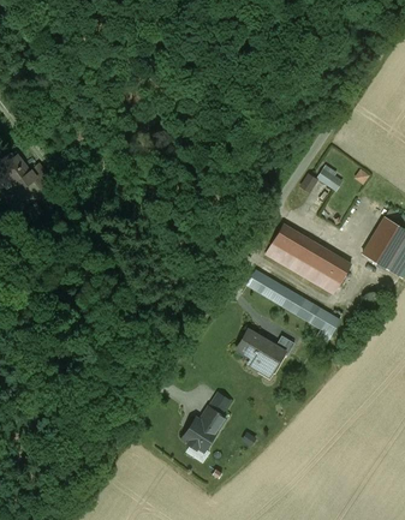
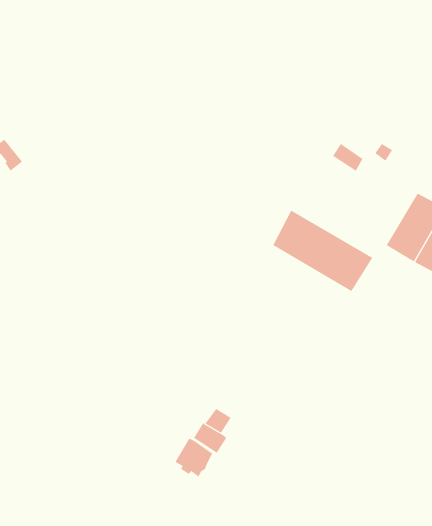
building: [246,270,339,335] -> none
building: [236,329,293,372] -> none

